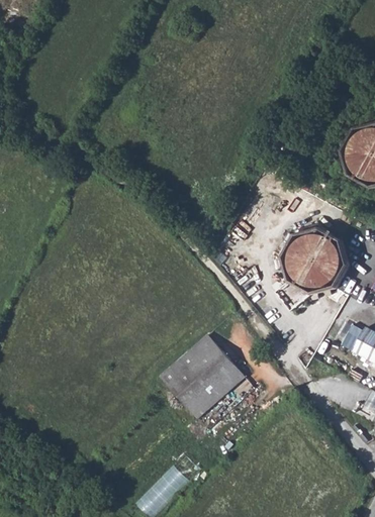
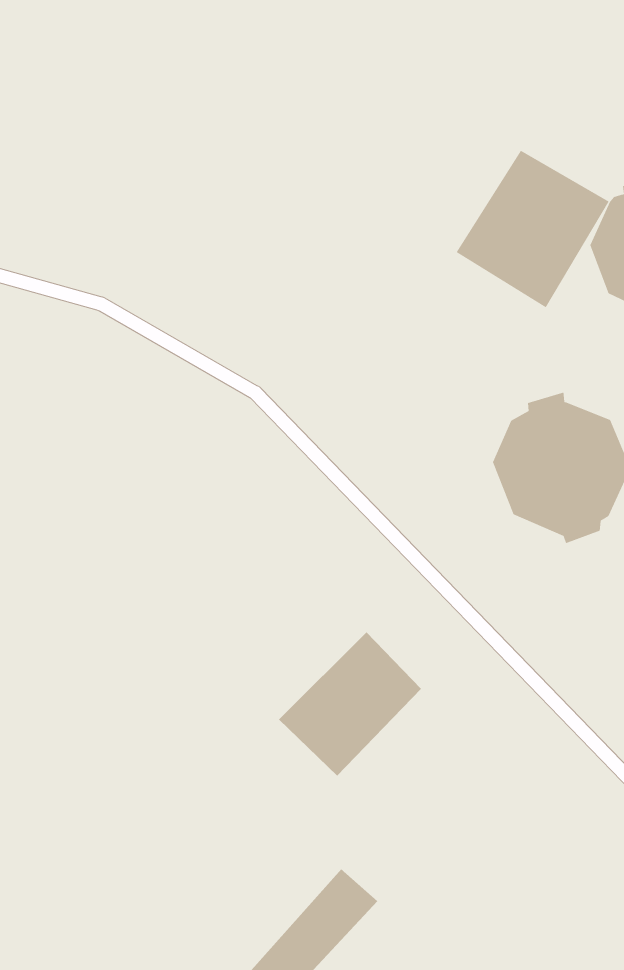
building: none -> [456,150,610,308]
building: [186,366,244,418] -> none

